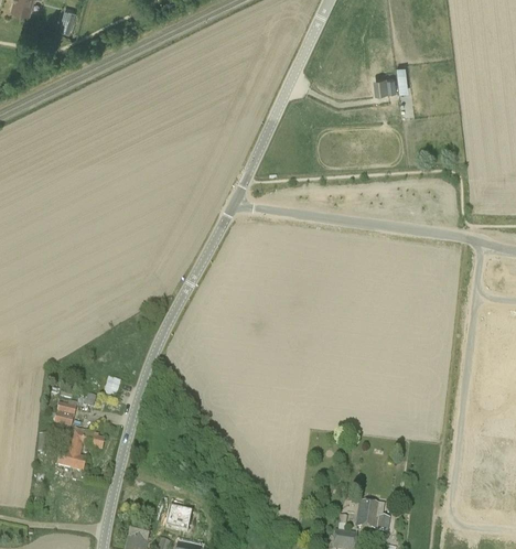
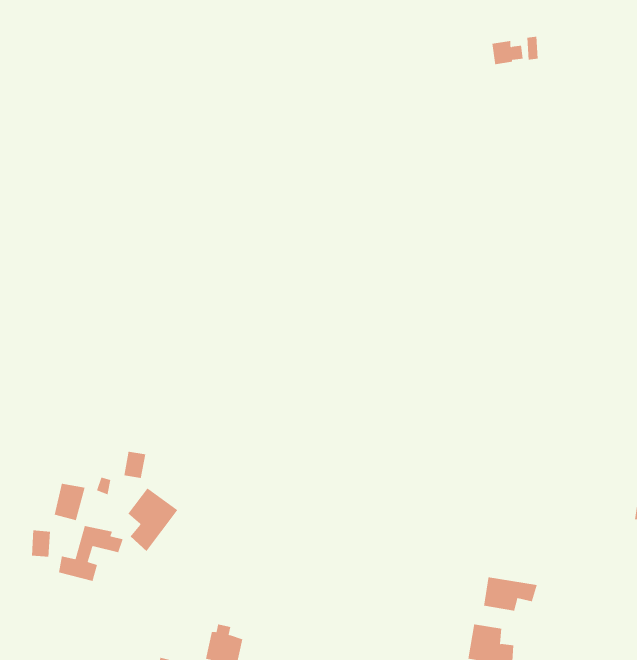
building: none -> [127,487,178,552]
building: none -> [484,576,537,612]

